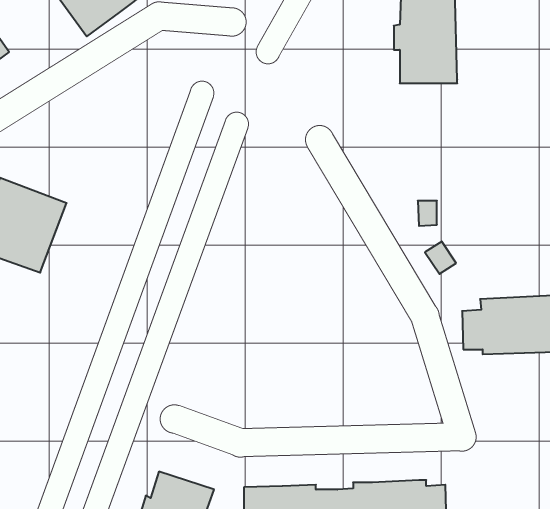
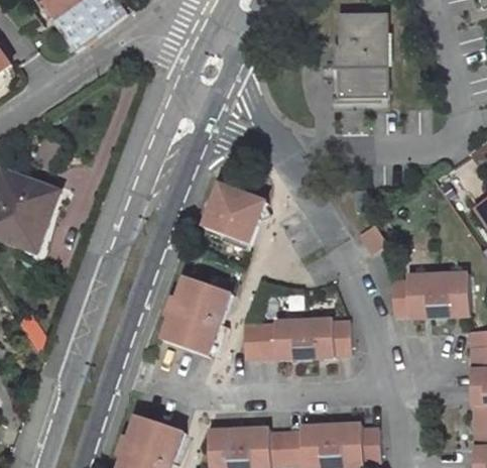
building: none -> [204,185,265,245]
building: none -> [162,277,232,357]
building: none -> [242,319,351,358]

